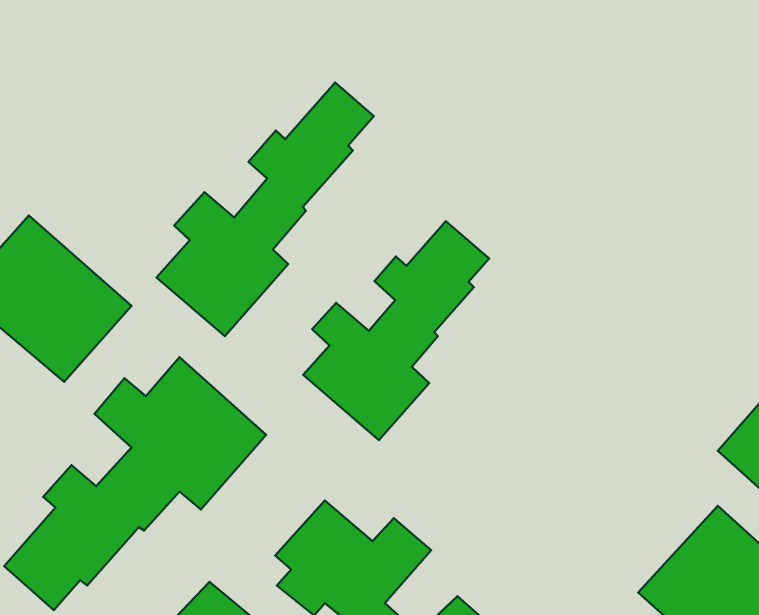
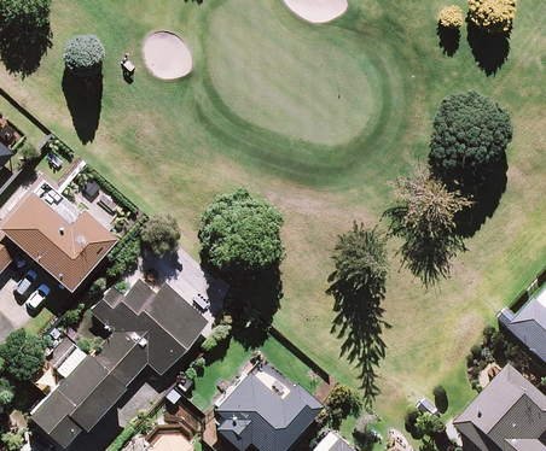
building: [157,83,374,336] -> none
building: [303,221,489,440] -> none

